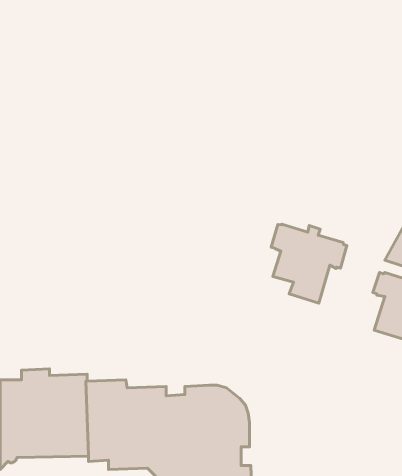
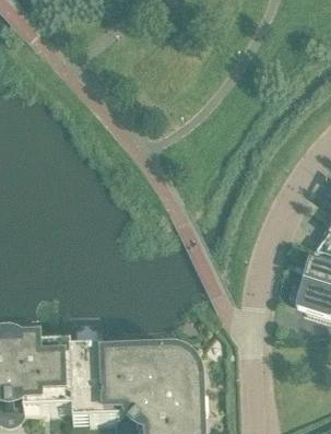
building: [271,224,347,303] -> none

